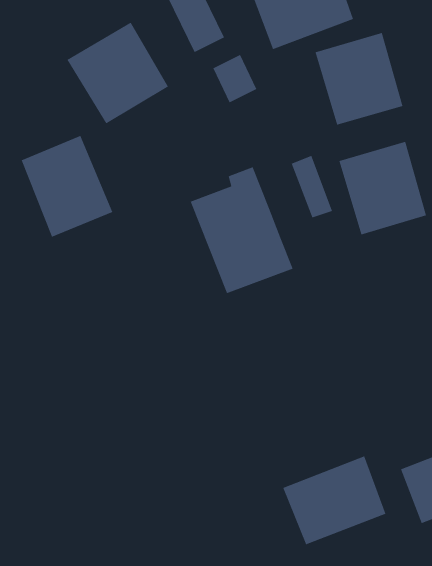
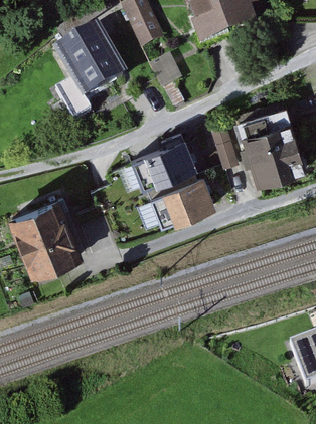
building: [315,32,403,125] -> none
building: [21,135,113,237] -> [14,198,81,271]
building: [283,456,386,545] -> none

